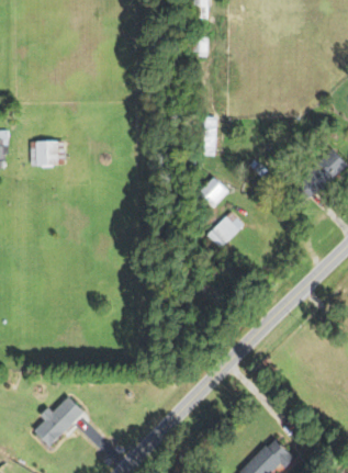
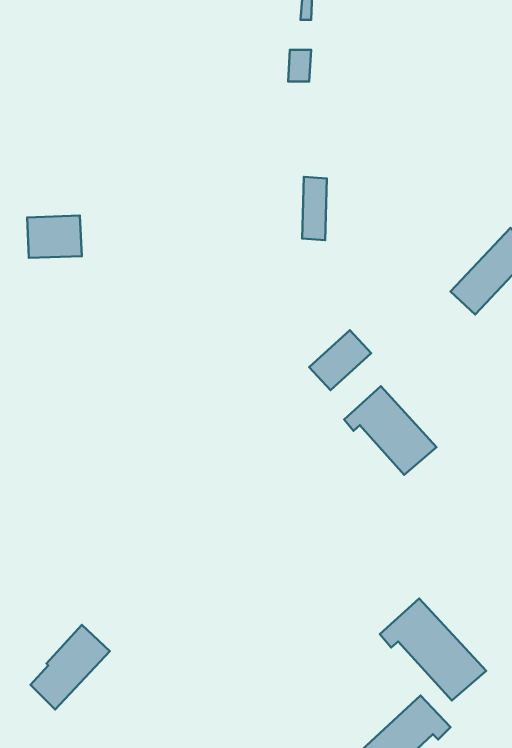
building: [198,177,228,207] -> none
building: none -> [344,386,436,475]
building: none -> [380,598,486,700]

